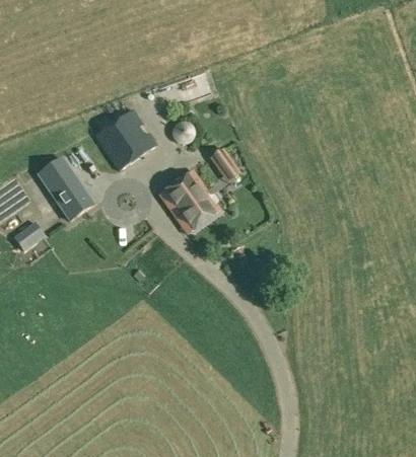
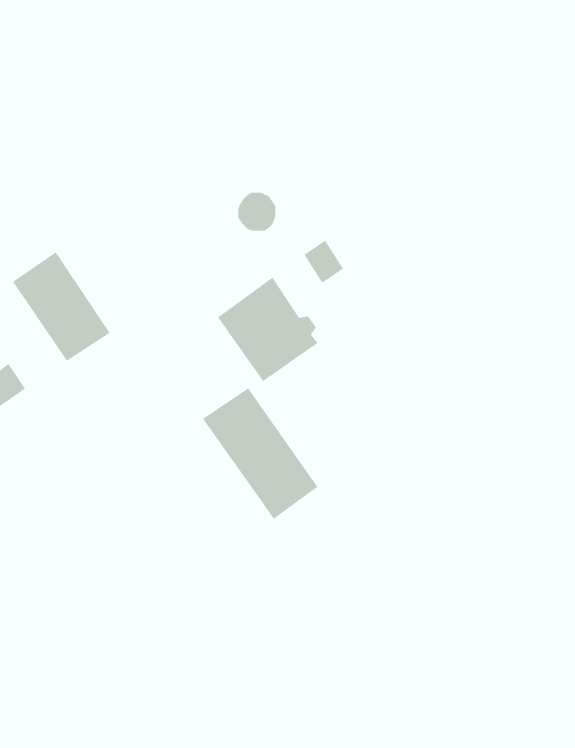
building: [94,108,157,170] -> none
building: none -> [202,387,318,519]

